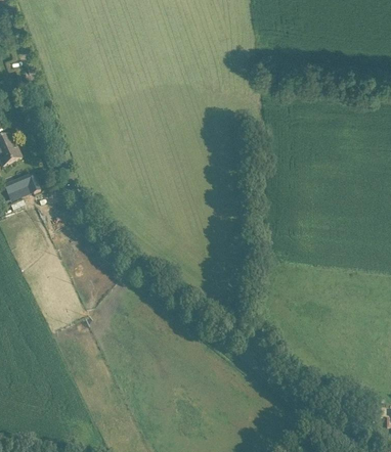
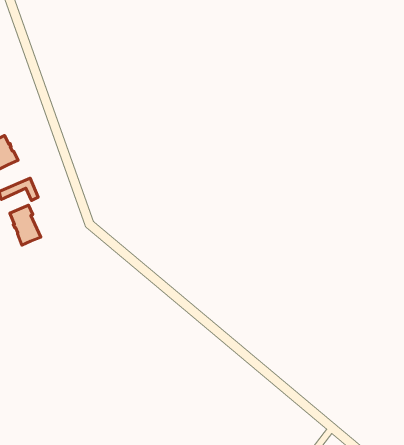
building: none -> [10,205,41,245]

